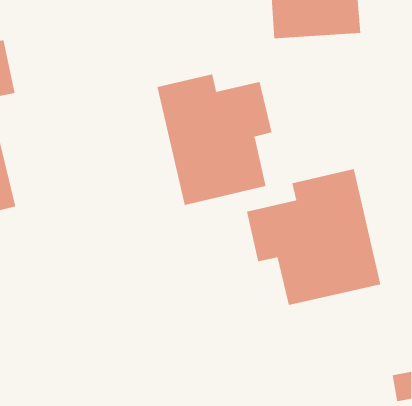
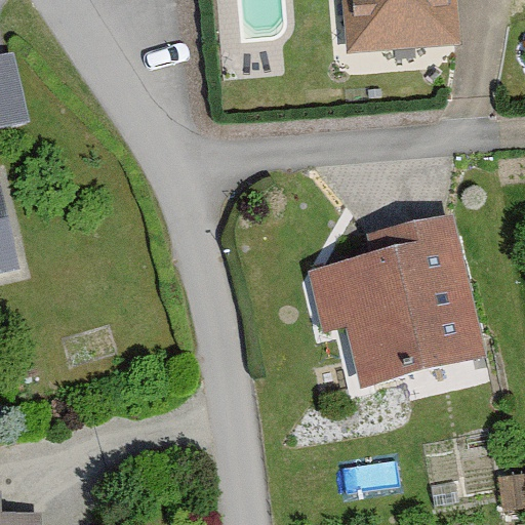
building: [157,74,272,206] -> none

